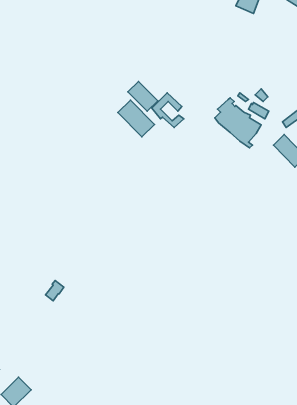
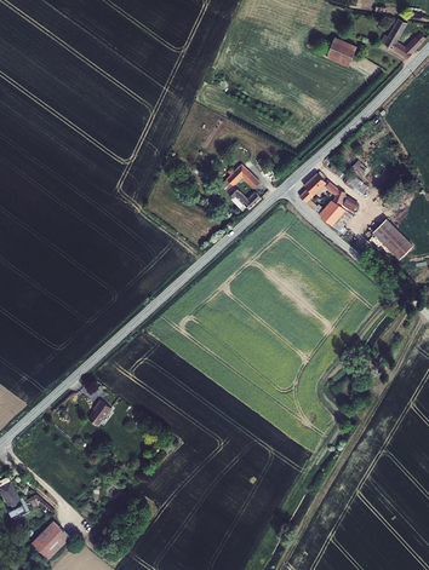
building: [128,82,158,111] -> none
building: [118,100,155,137] -> none

